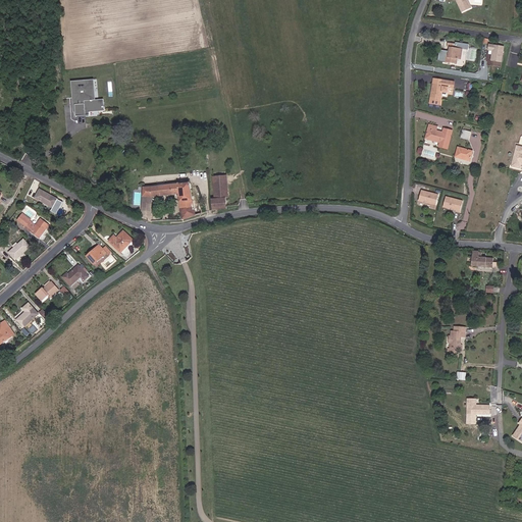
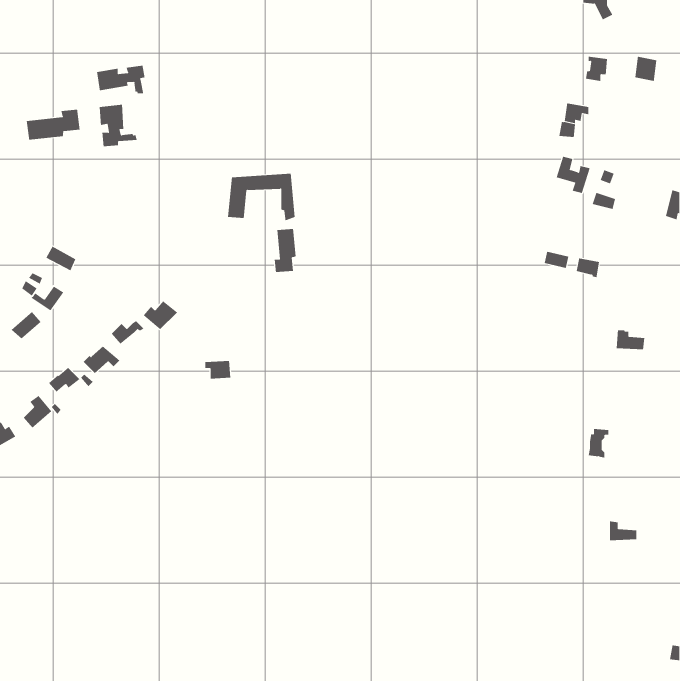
building: none -> [97,65,145,94]
building: none -> [26,109,80,140]
building: [139,182,191,219] -> [227,173,295,221]

